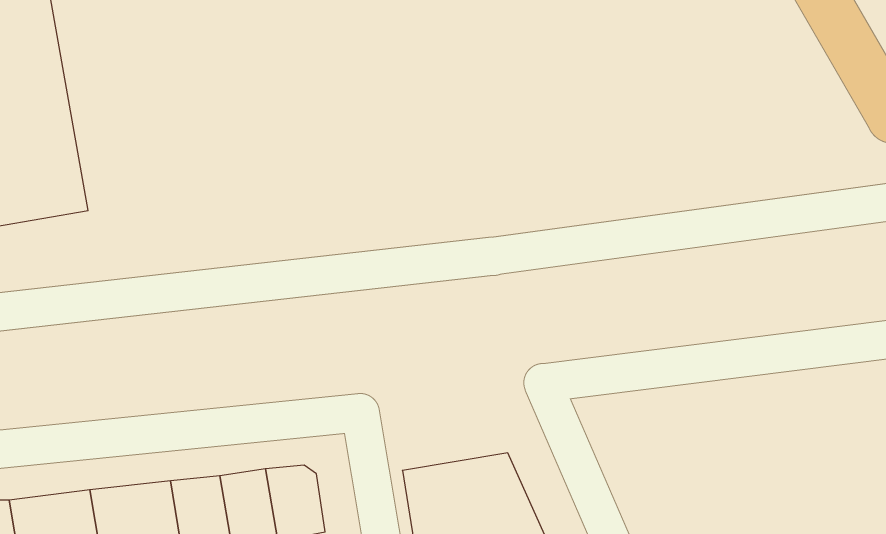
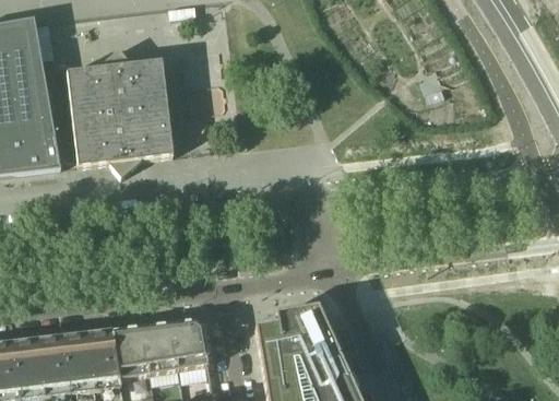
building: none -> [67,47,174,175]

